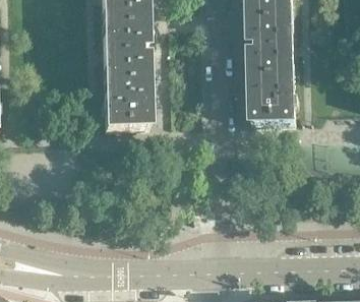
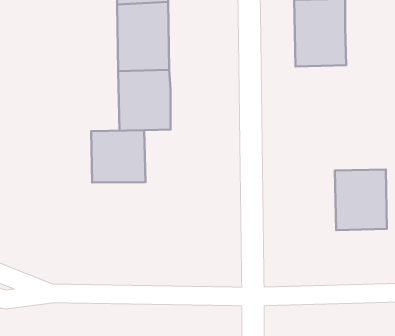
building: [252,72,296,123] -> [335,169,387,230]
building: none -> [91,130,145,182]

